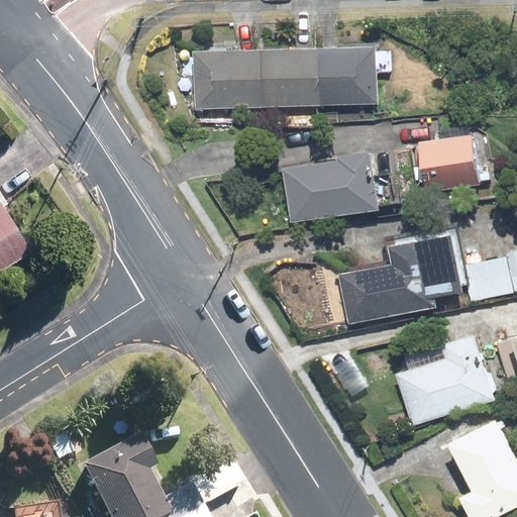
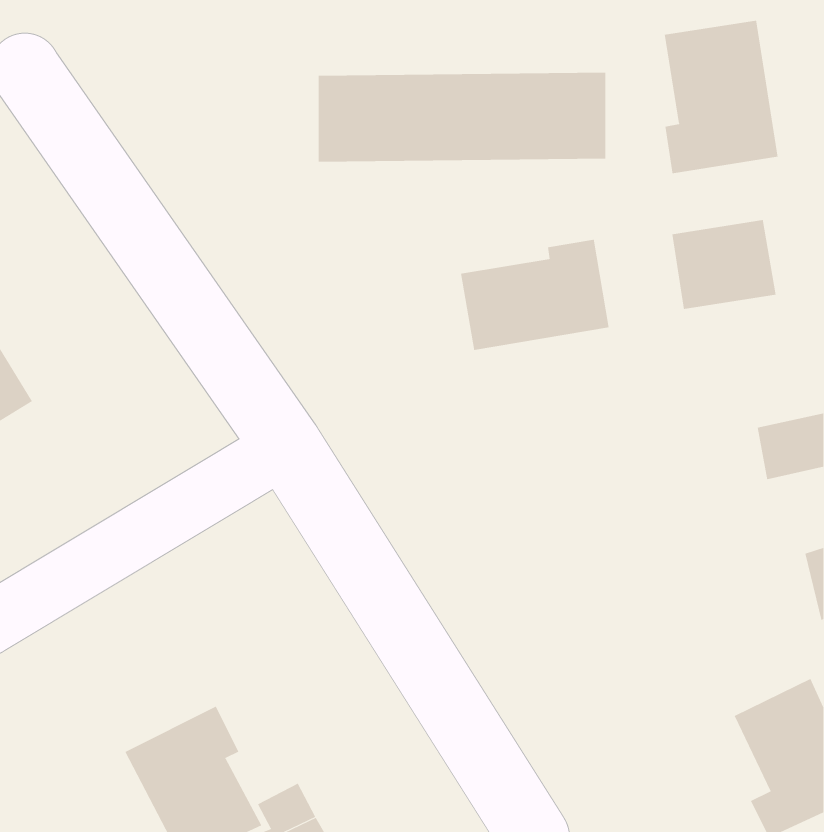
building: none -> [664,20,778,174]
building: [340,234,463,322] -> none
building: [397,337,494,425] -> none

